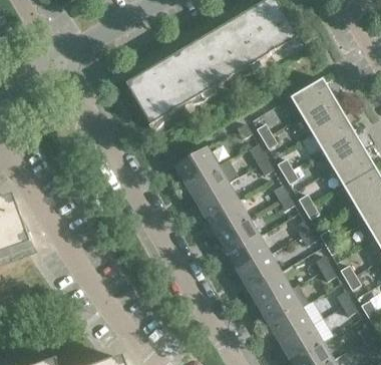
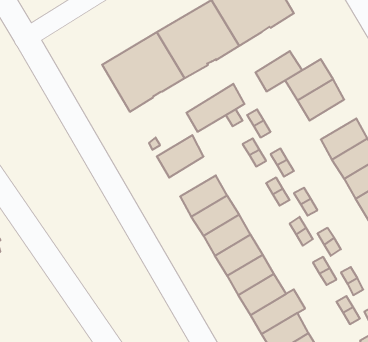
building: [312,113,354,149] -> [255,51,302,91]
building: [185,157,238,201] -> [186,84,245,132]

